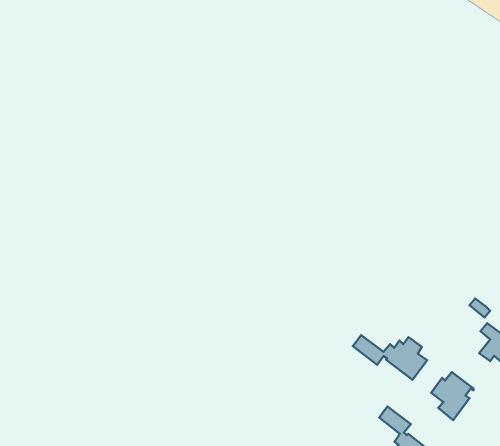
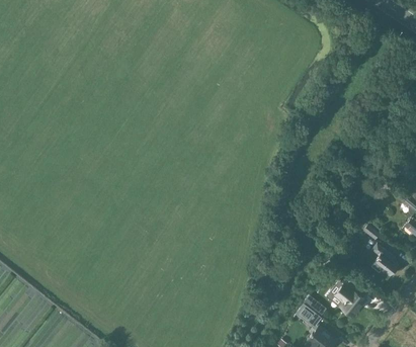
building: [353,335,427,380] -> none

